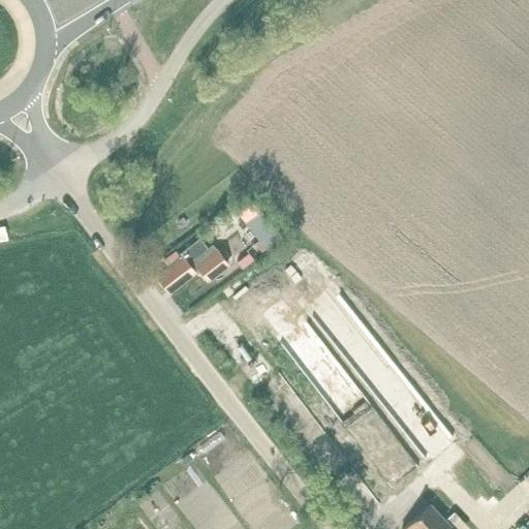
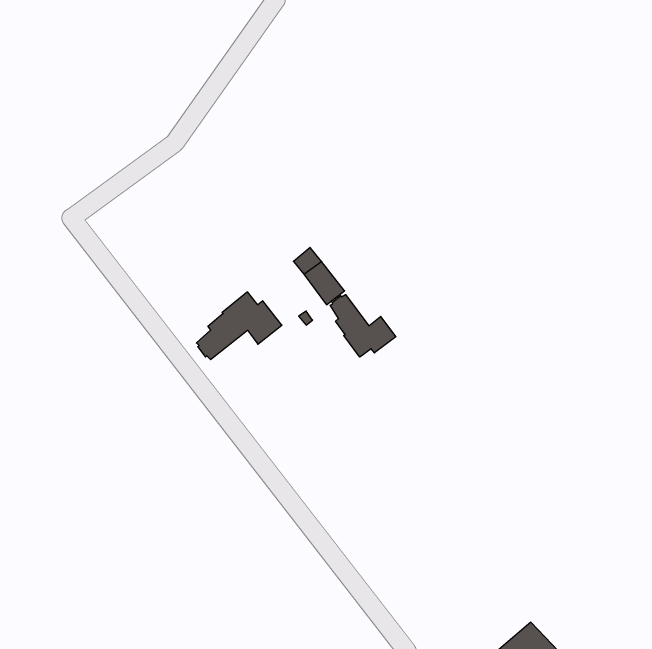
building: none -> [330,295,396,357]

